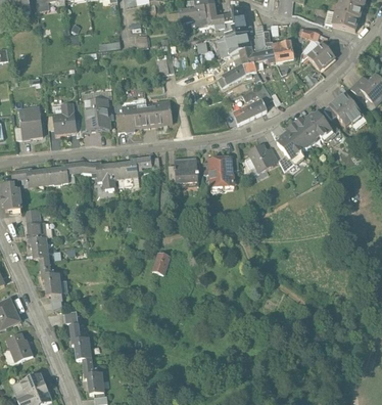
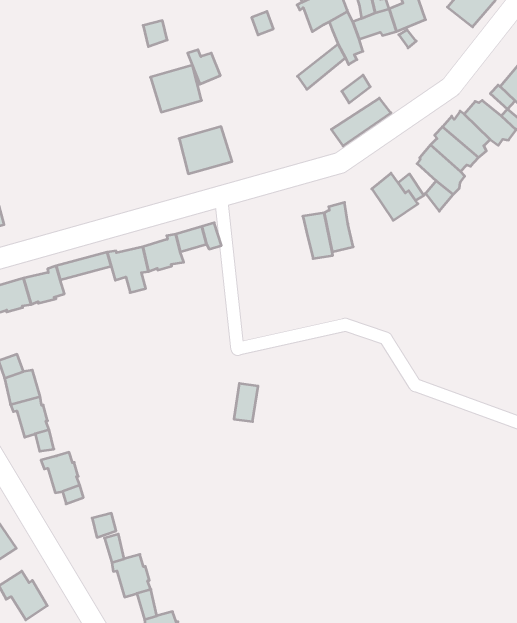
building: [85,100,109,131] -> none
building: [121,103,147,127] -> [150,65,202,112]
building: [51,104,75,134] -> none
building: [173,154,197,182] -> none

